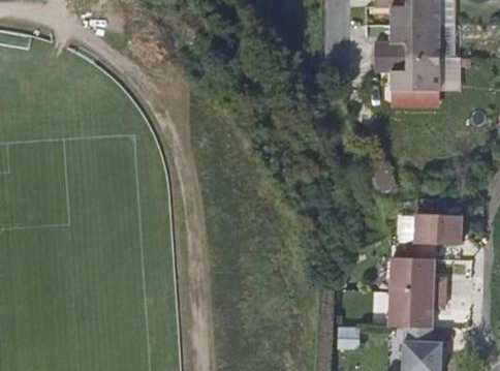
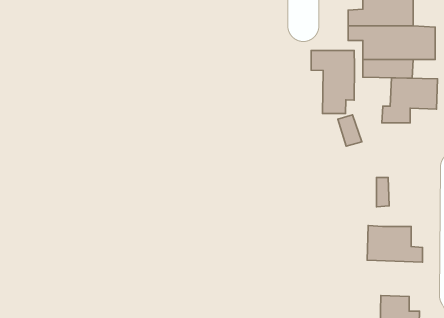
building: none -> [311,51,355,113]
building: [407,213,462,257] -> [382,78,437,123]
building: [390,290,446,327] -> none

